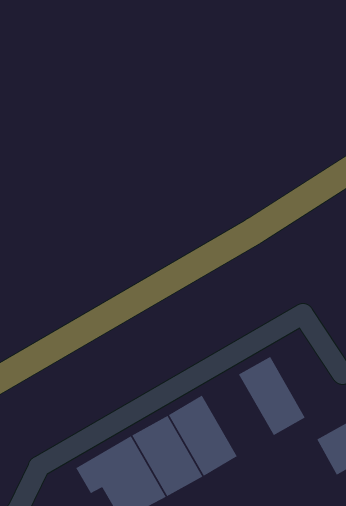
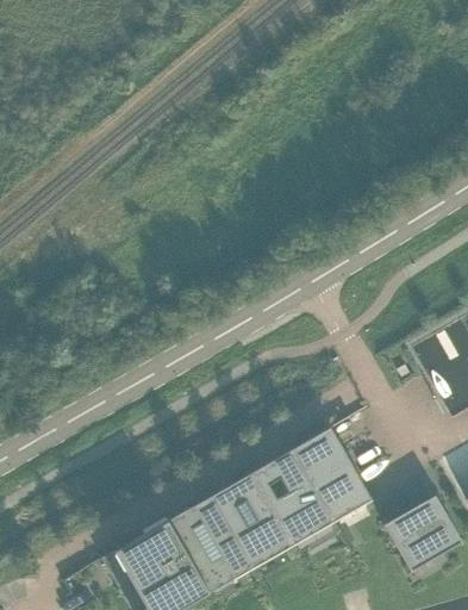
building: none -> [251,448,335,544]

